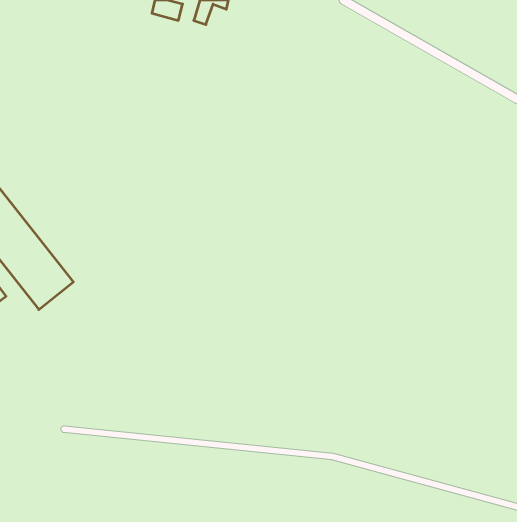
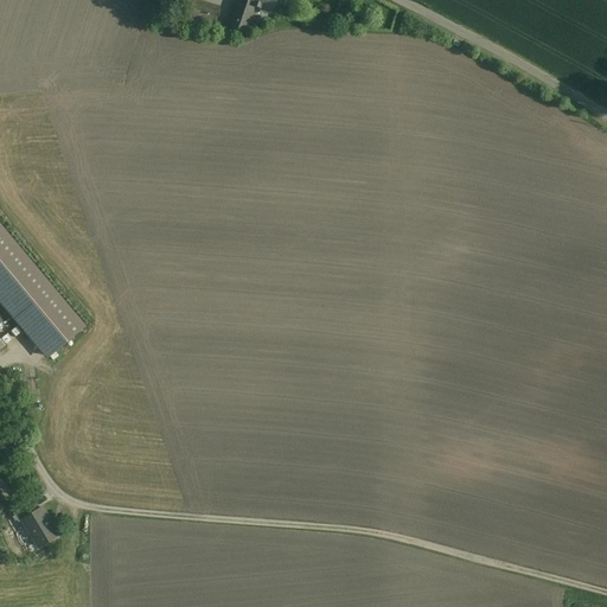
building: none -> [8,501,55,548]

